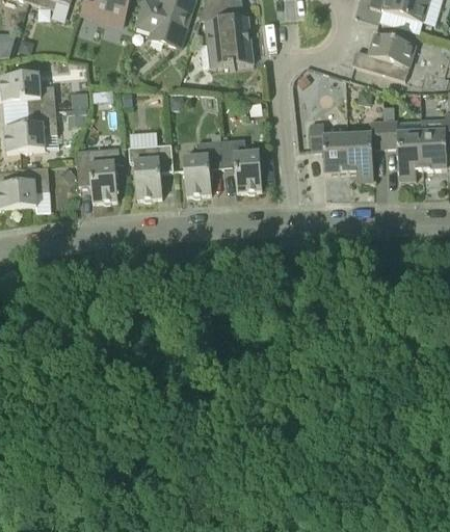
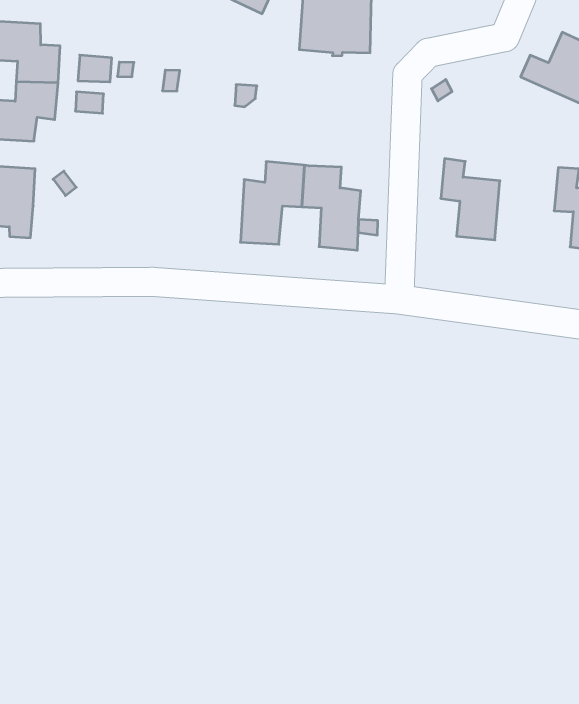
building: [347,119,385,171] -> none
building: [128,143,174,198] -> none
building: [76,147,120,202] -> none

